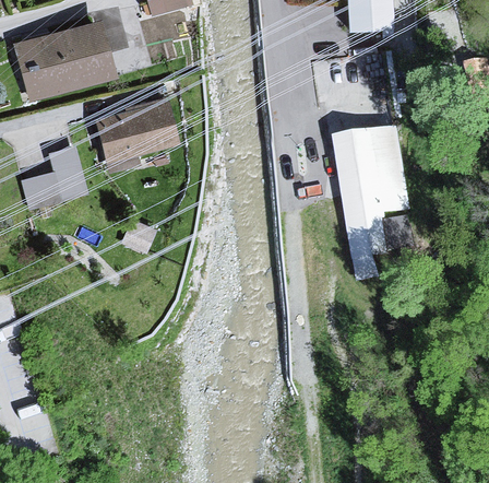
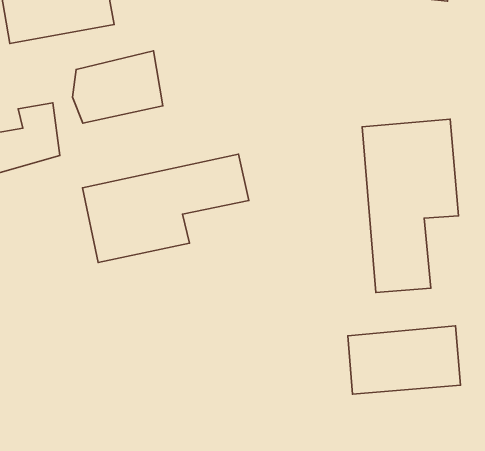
building: none -> [82,154,249,263]
building: none -> [348,326,461,394]

